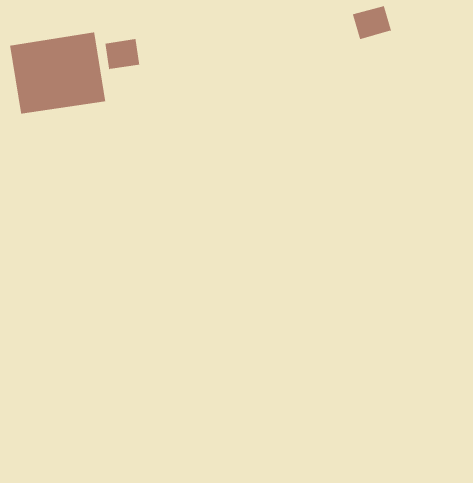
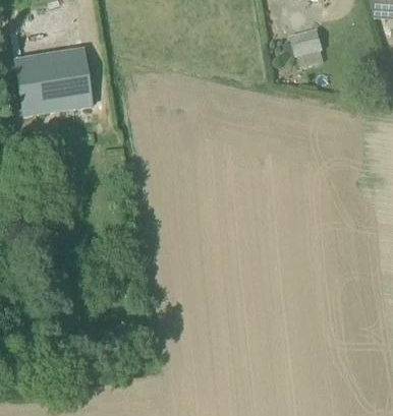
building: [104,38,140,70] -> none

